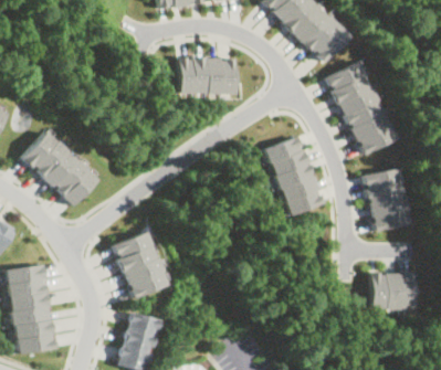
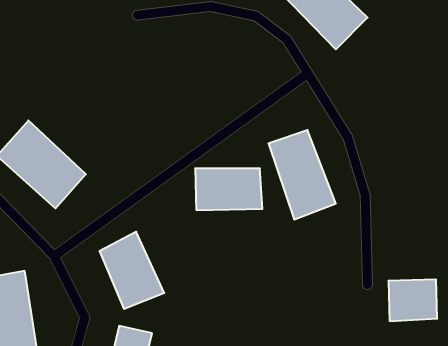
building: [177,57,238,95] -> [195,168,262,210]
building: [324,60,400,157] -> none
building: [363,169,412,233] -> none

